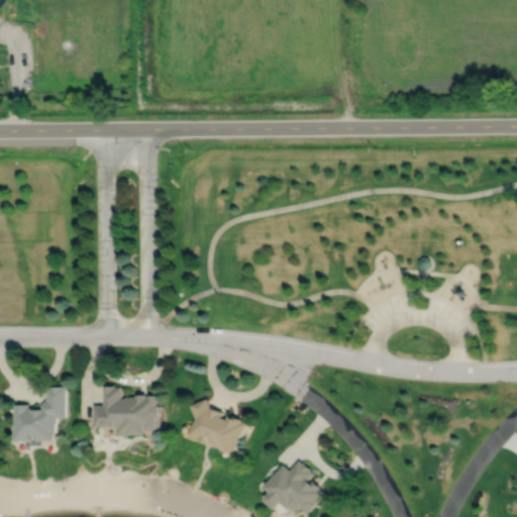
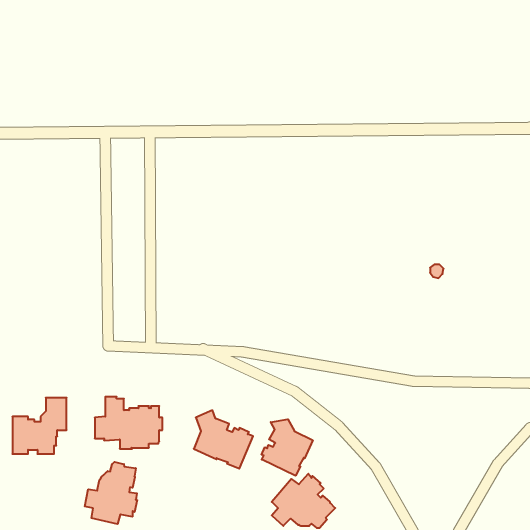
building: none -> [262,419,313,476]
building: none -> [85,462,137,524]

